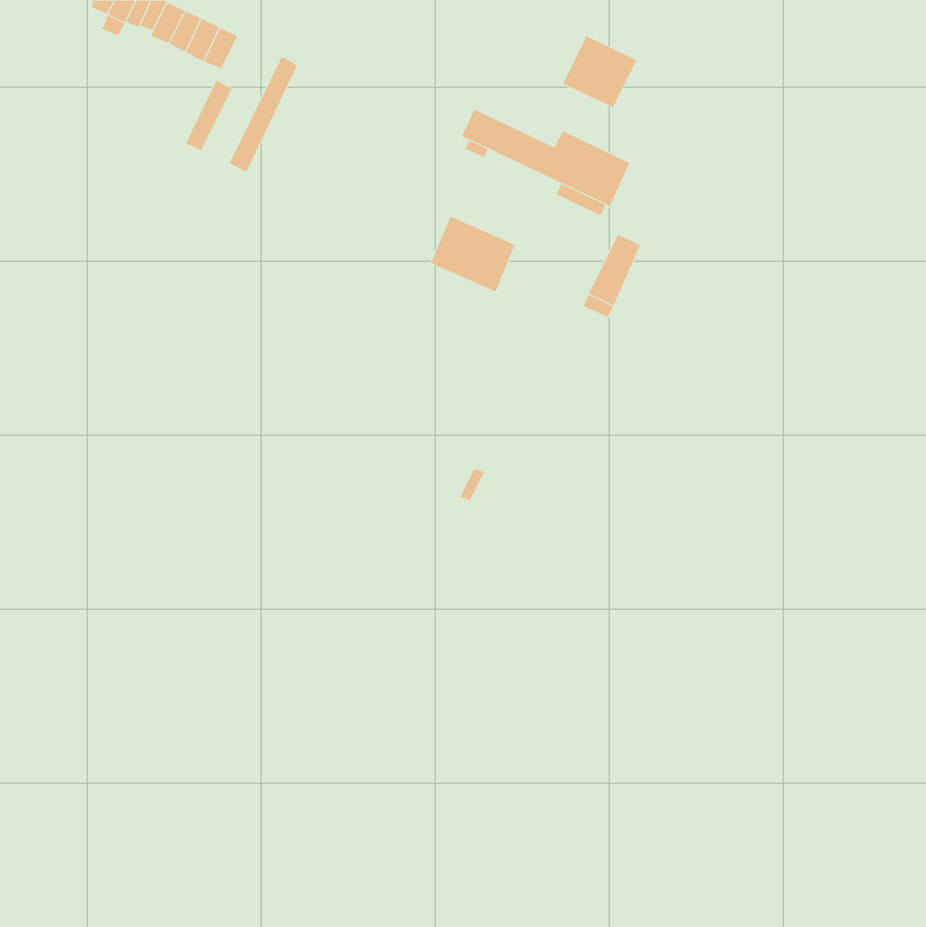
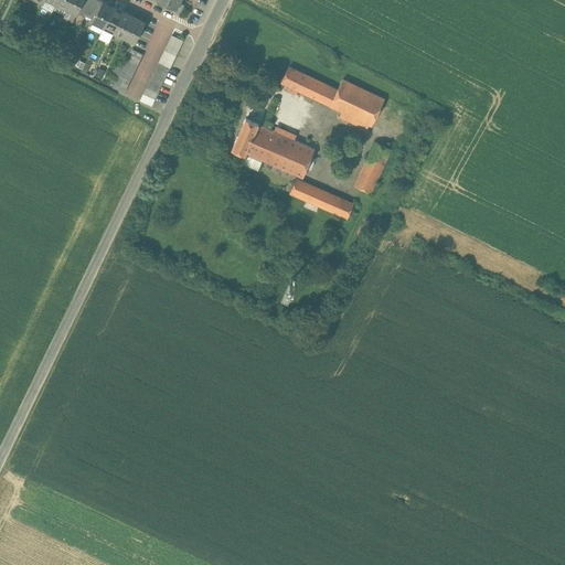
building: [562,36,637,108] -> none
building: none -> [231,118,274,160]
building: none -> [289,179,353,218]

